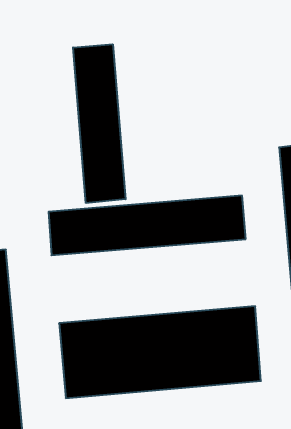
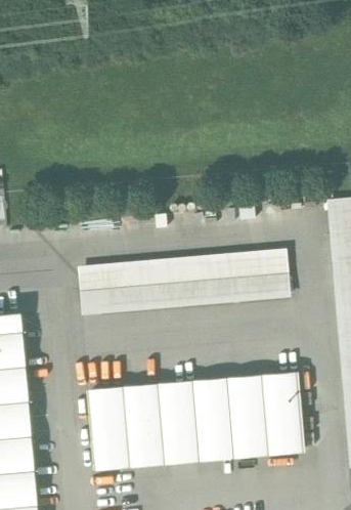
building: [73,44,126,203] -> none

